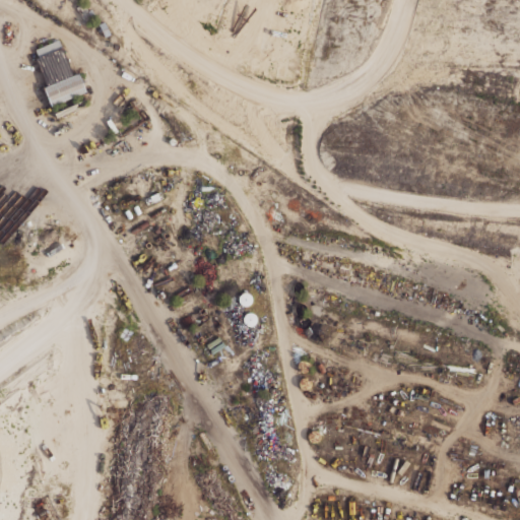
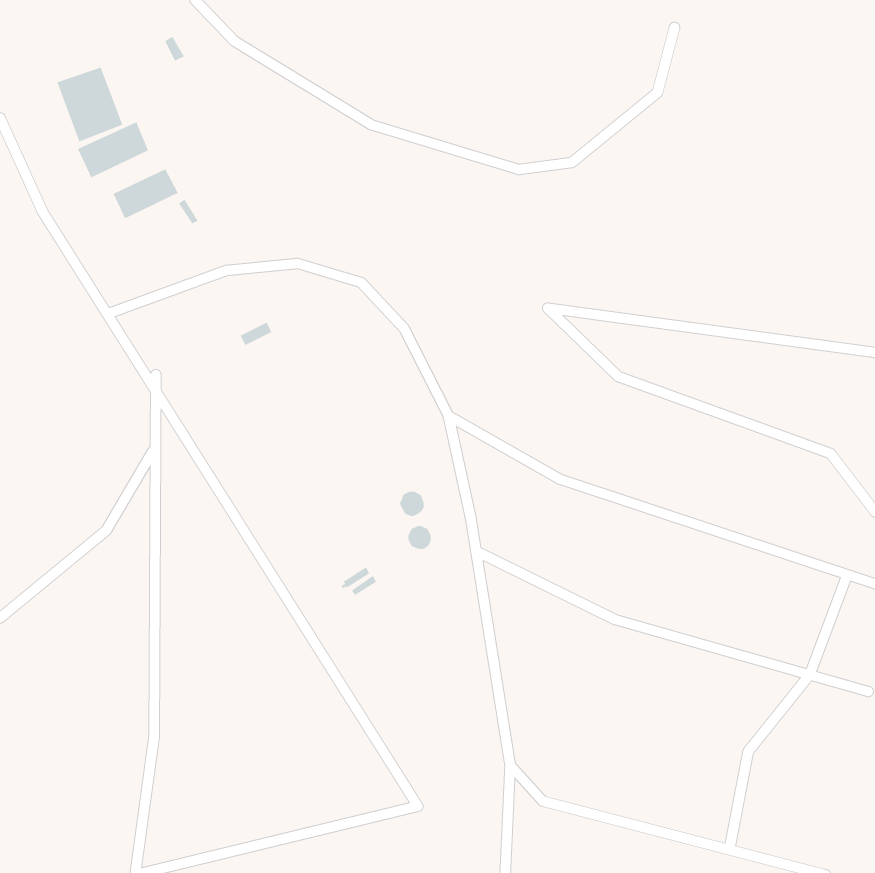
building: none -> [113,169,178,219]

